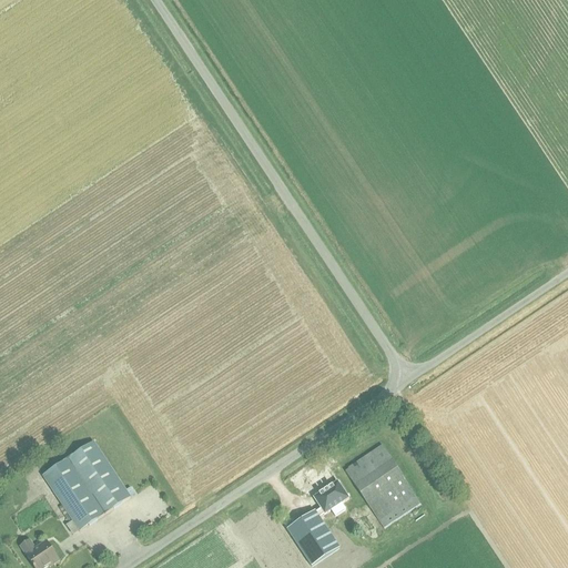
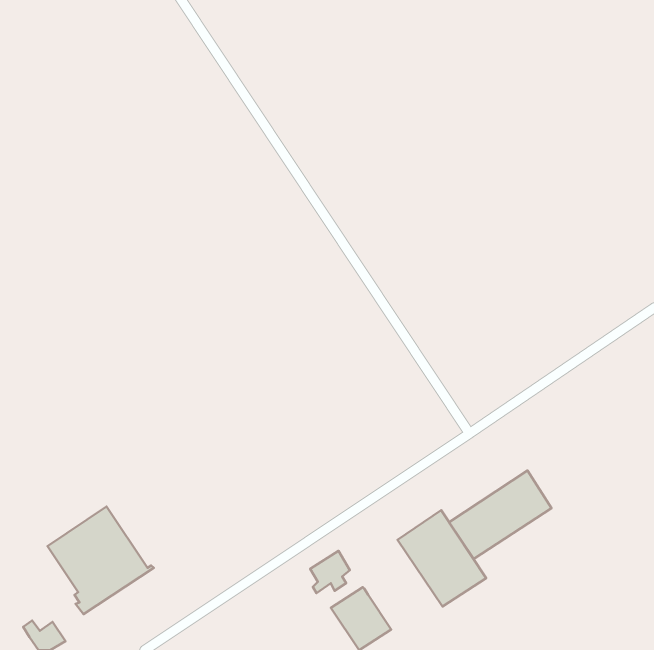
building: none -> [449,471,551,559]
building: [313,478,347,515] -> [310,551,350,593]

